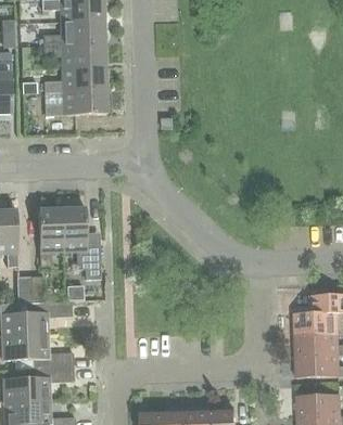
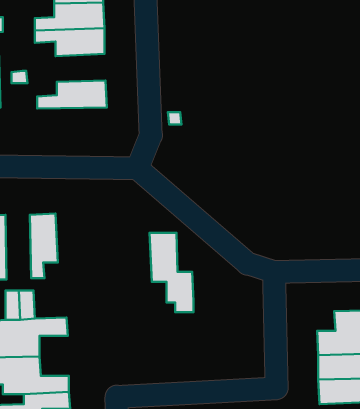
building: [43,66,105,92] -> none
building: [61,208,100,279] -> [150,233,194,312]

